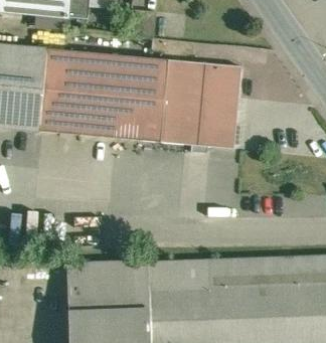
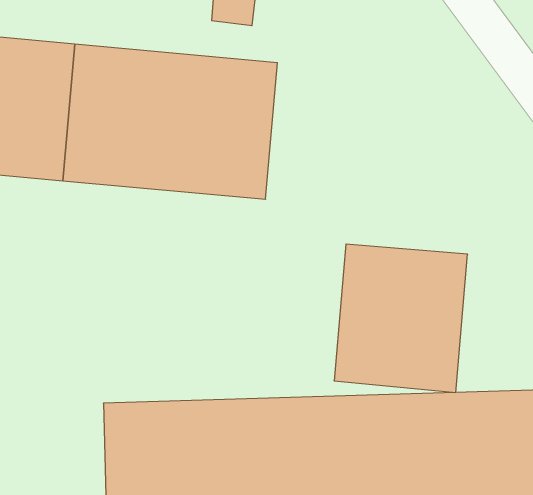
building: [161,60,240,149] -> [334,244,468,392]

